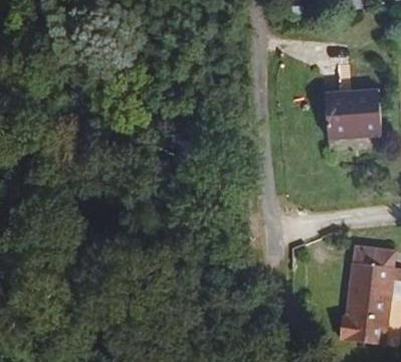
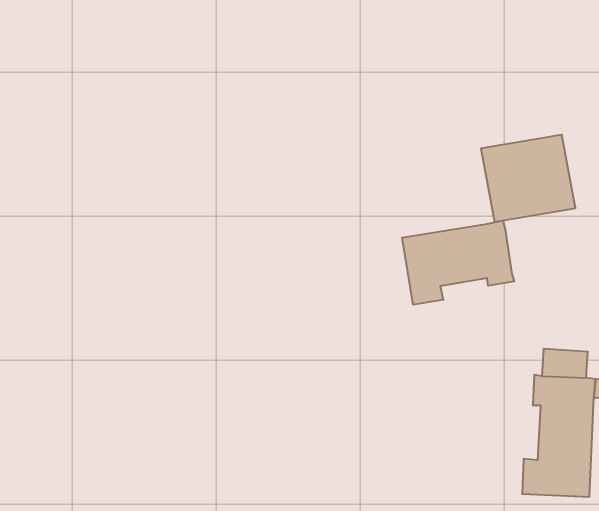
building: none -> [402,221,514,305]

